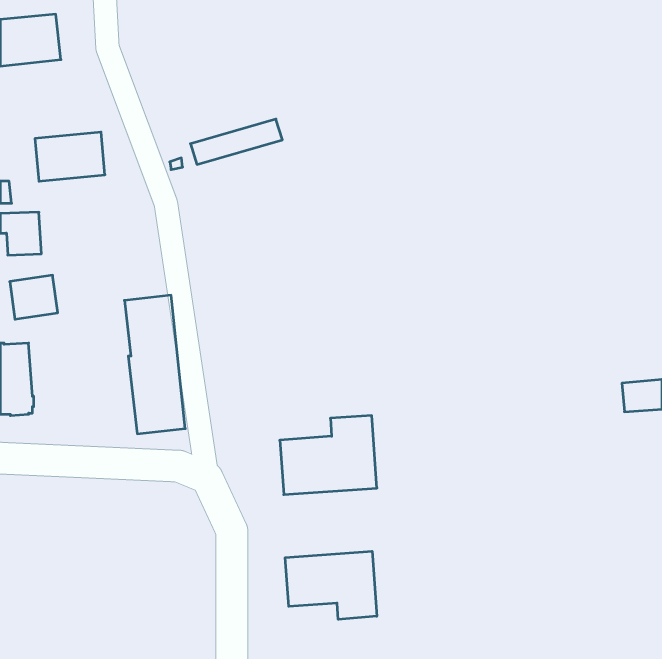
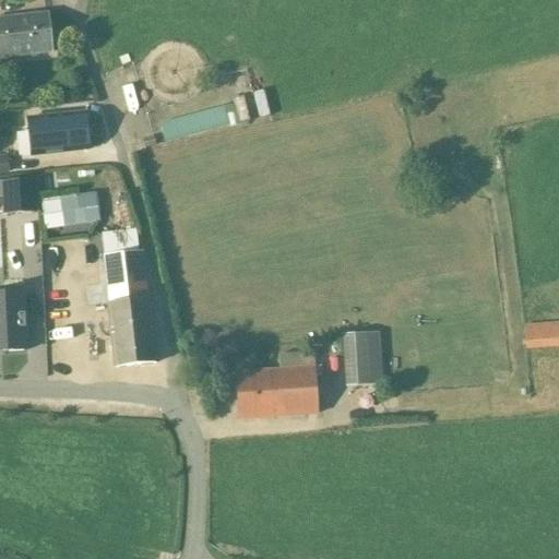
building: [10,275,58,319] -> [57,190,97,227]
building: none -> [344,331,381,384]
building: [285,551,377,619] -> none

